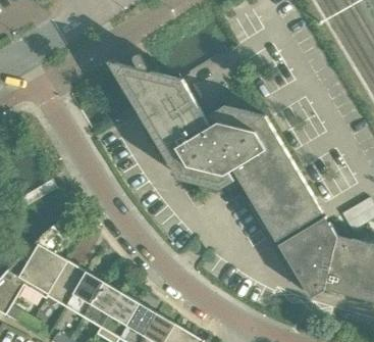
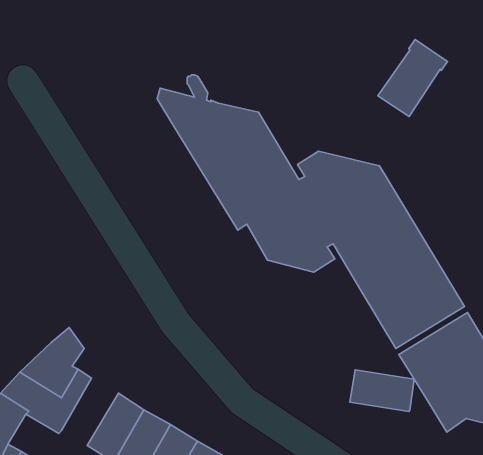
building: none -> [378,39,447,117]
building: none -> [350,370,414,411]
building: [47,260,86,306] -> none

